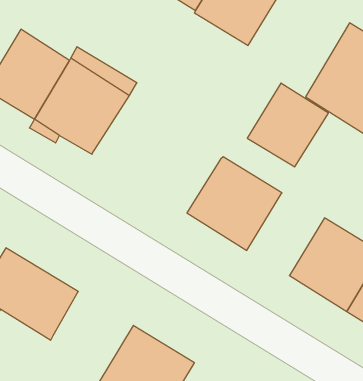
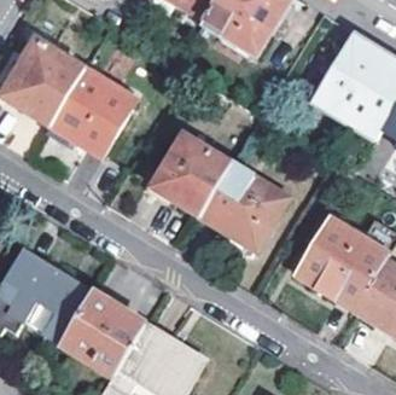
building: [247,83,328,167] -> [150,134,228,215]
building: none -> [66,291,144,366]

